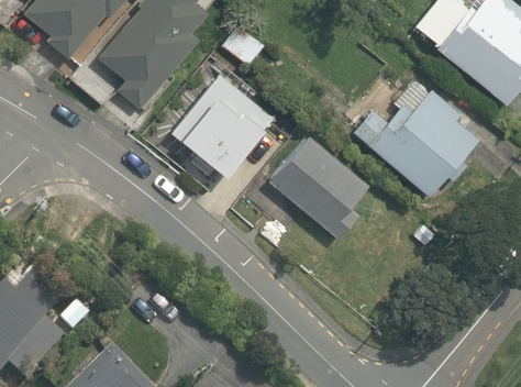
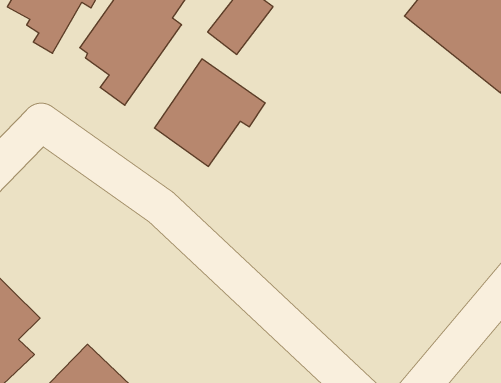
building: [368,79,486,197] -> none
building: [267,135,374,243] -> none

